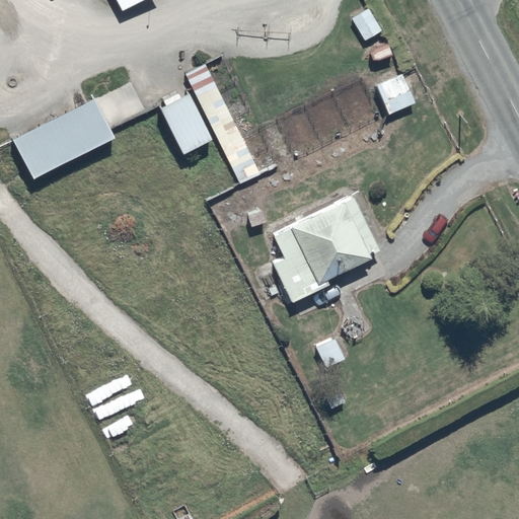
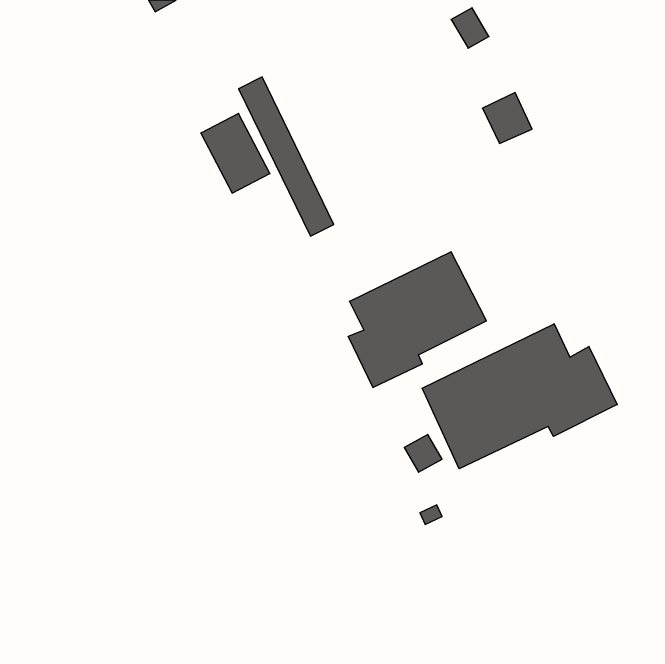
building: [13,98,115,178] -> none
building: none -> [422,324,617,469]

